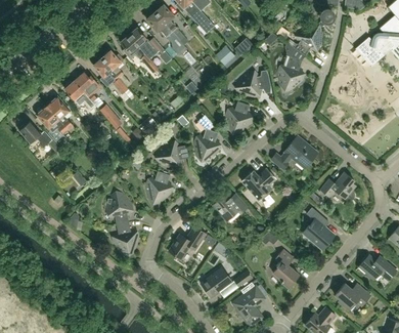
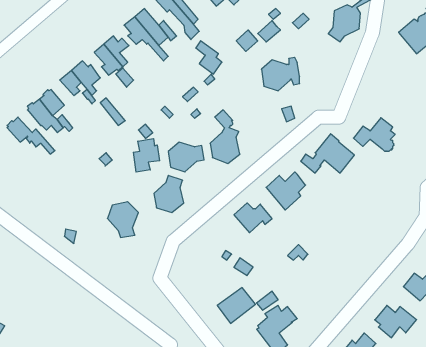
building: [277,49,305,89] -> none
building: [225,101,250,133] -> none
building: none -> [133,139,160,172]
building: [320,172,356,201] -> [353,118,395,151]
building: [302,208,335,250] -> none
building: [114,222,139,254] -> none
building: [168,225,206,259] -> none
building: [272,249,299,289] -> none

